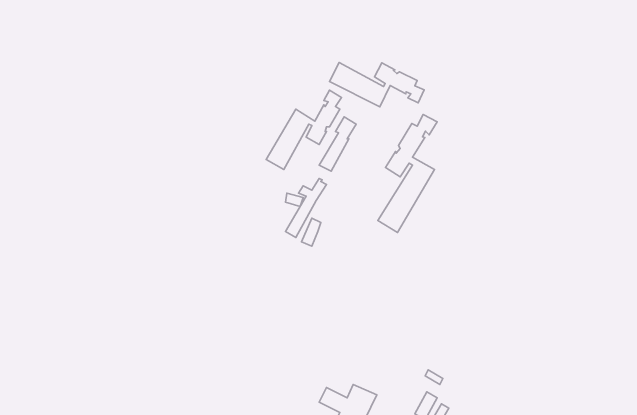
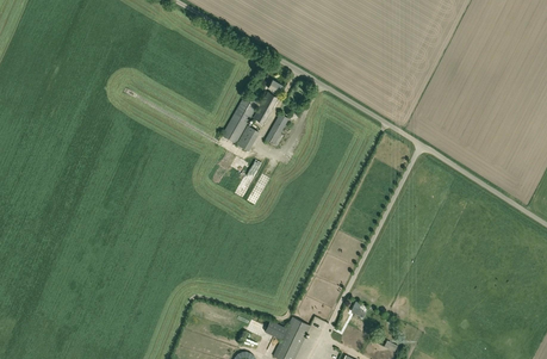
building: [330,62,424,107] -> none
building: [378,114,437,232] -> none

